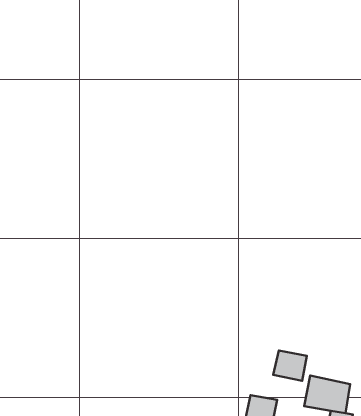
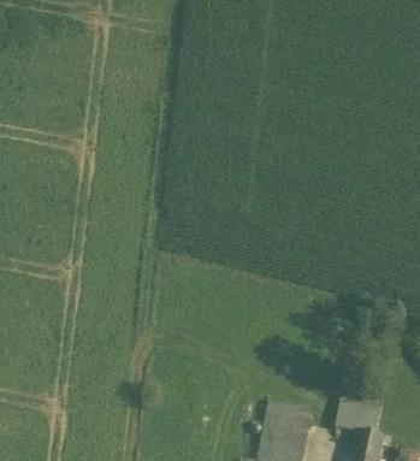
building: [273,350,307,381] -> none

